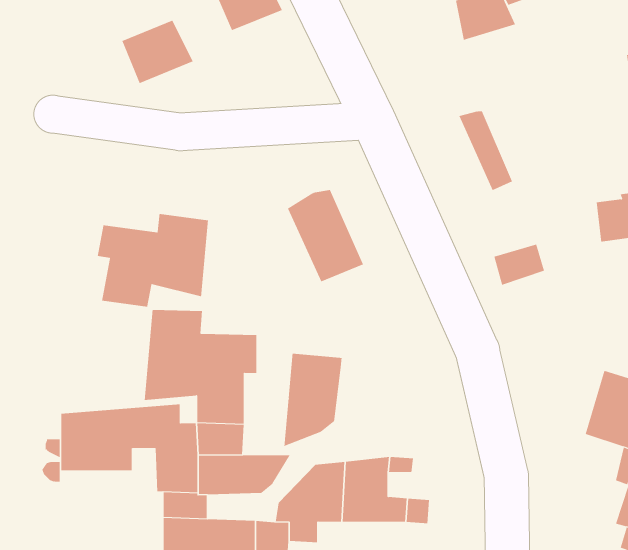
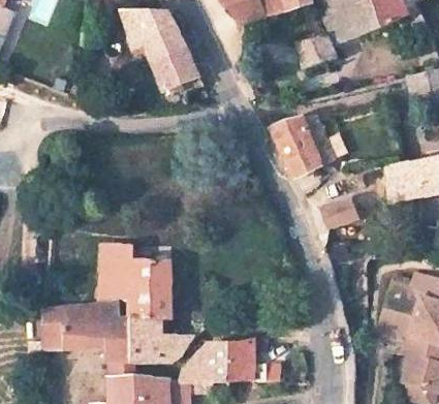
building: [122,20,194,84] -> [153,49,199,90]
building: [287,189,364,282] -> [272,117,321,177]
building: [97,213,208,307] -> none
building: [284,353,342,447] -> none

